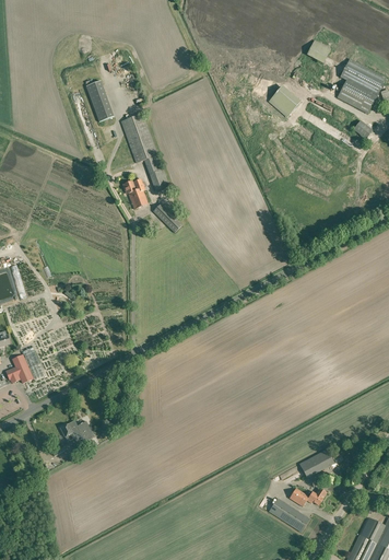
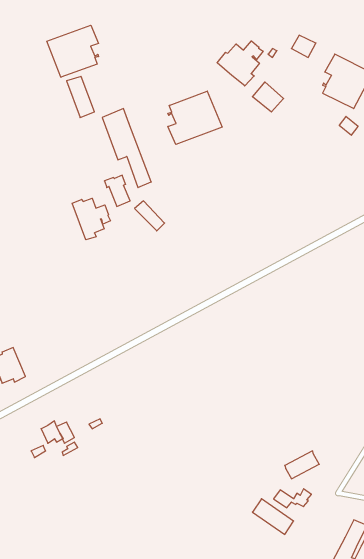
building: none -> [47,25,99,77]
building: none -> [217,41,263,86]
building: none -> [168,91,222,144]
building: none -> [72,198,110,240]

